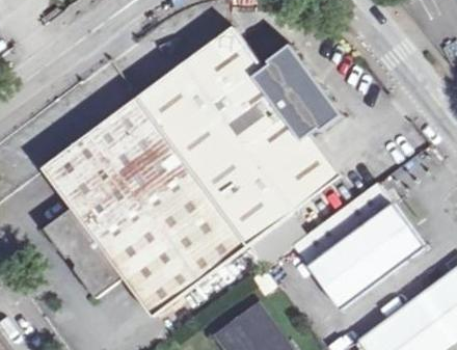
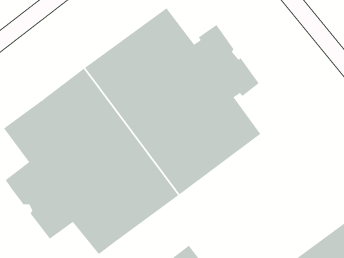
building: [290,184,423,311] -> none

